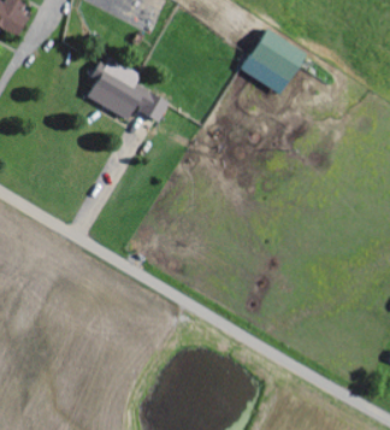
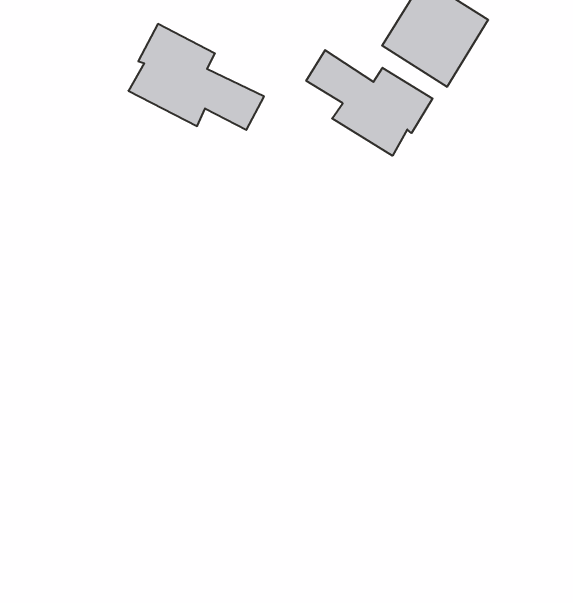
building: none -> [306,50,433,156]

